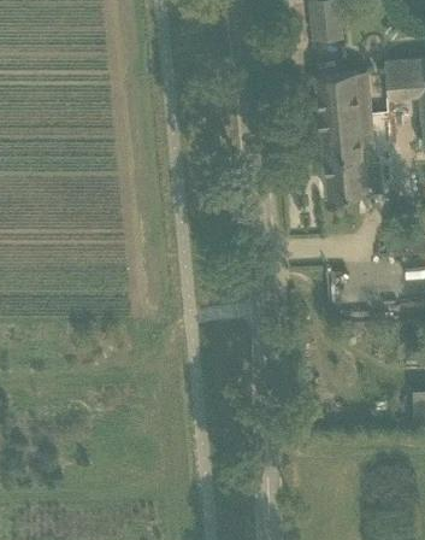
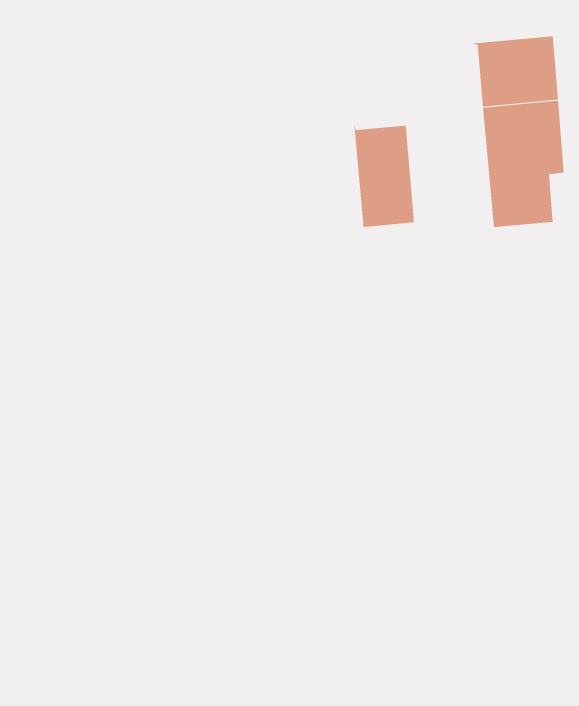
building: none -> [354,125,415,228]

